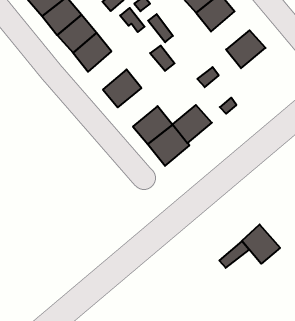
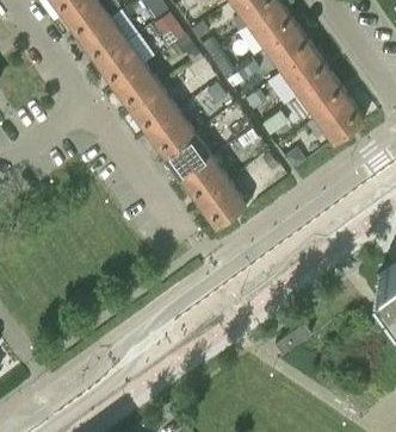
building: none -> [280,46,327,92]
building: none -> [314,93,364,143]
building: none -> [129,86,175,131]
building: [172,105,212,143] -> [162,132,210,177]
building: [242,224,280,264] -> none

